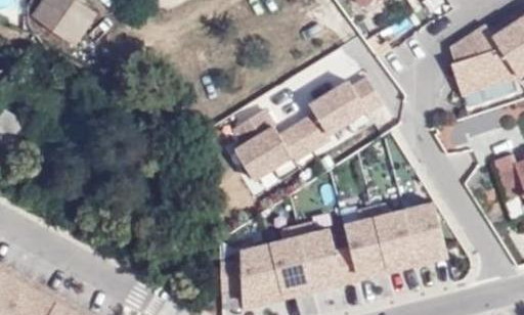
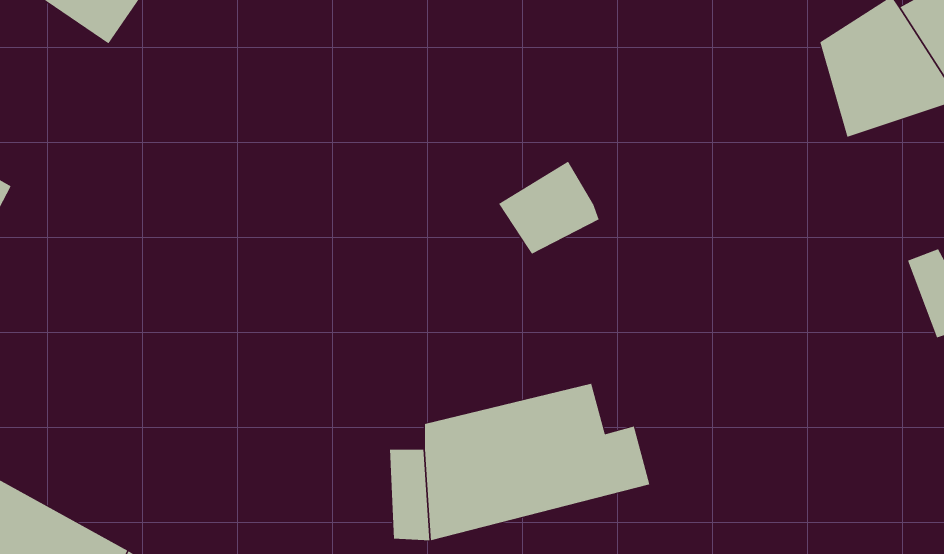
building: [312,79,369,131] -> none
building: [231,110,296,178] -> none
building: [345,200,448,278] -> none

